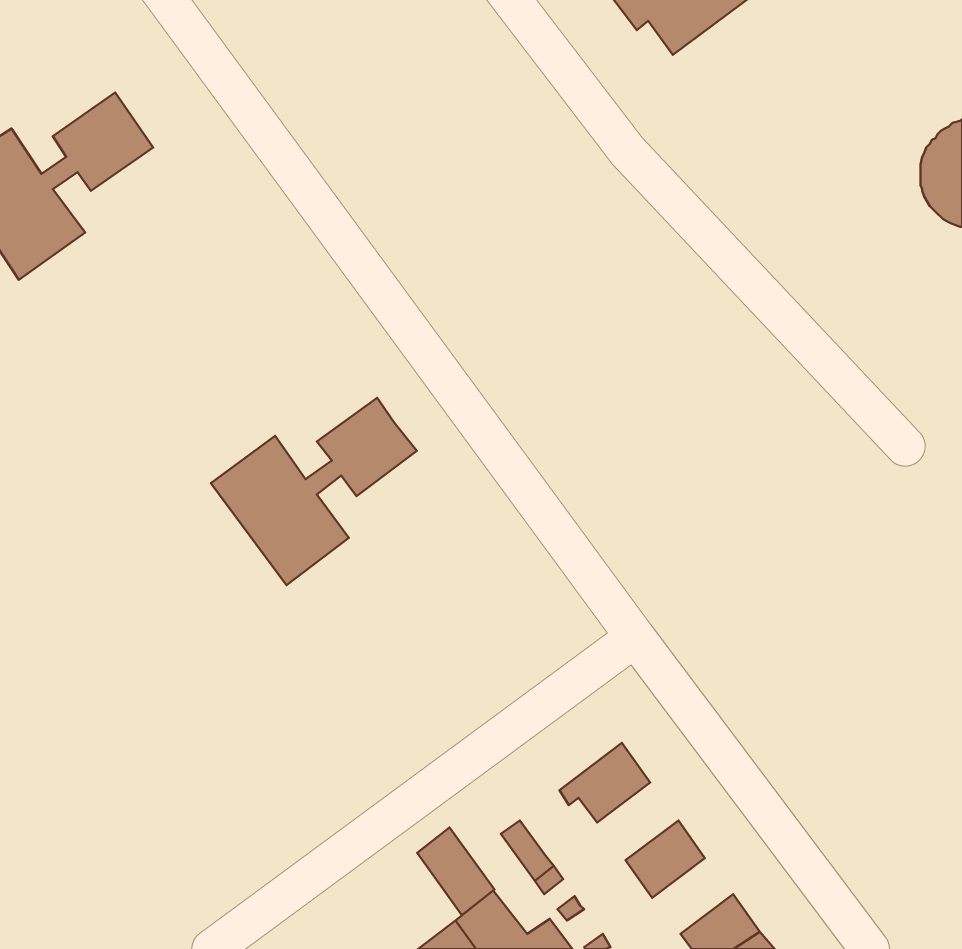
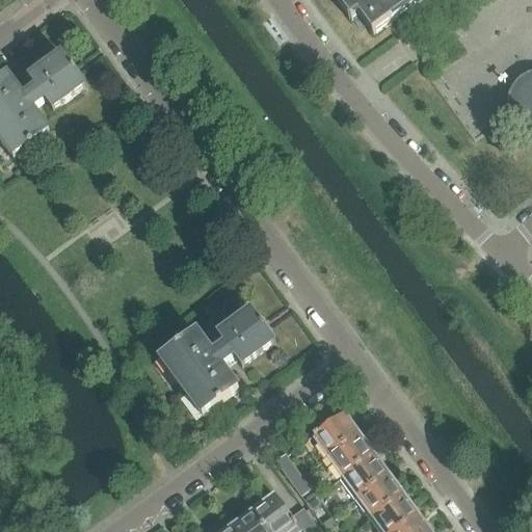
building: [211,398,417,585] -> [159,308,272,410]
building: none -> [328,430,373,473]
building: [417,827,494,915] -> none
building: none -> [358,472,403,513]

